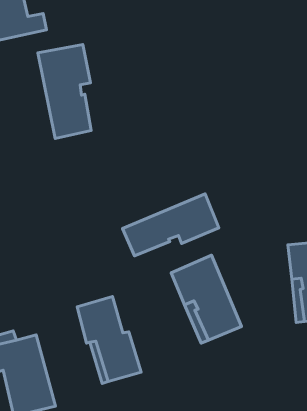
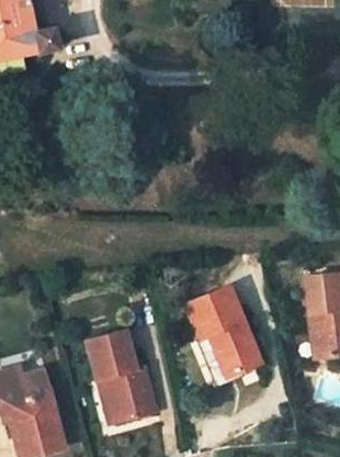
building: [38,45,91,138] -> none
building: [123,194,219,256] -> none

